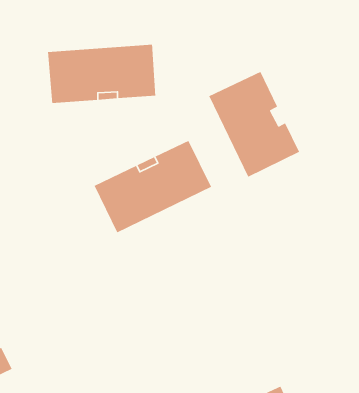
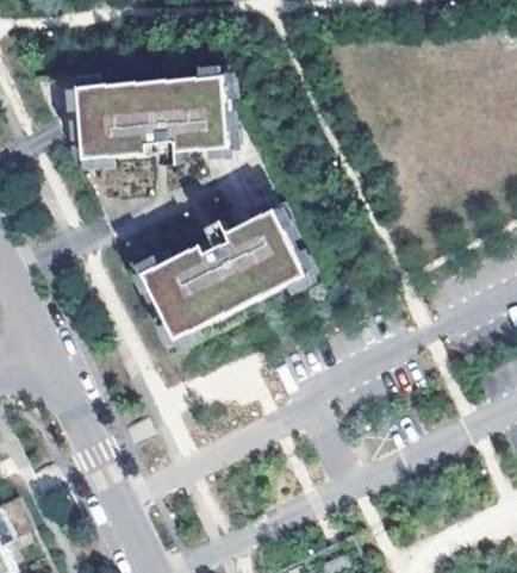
building: [208,71,300,178] -> none

